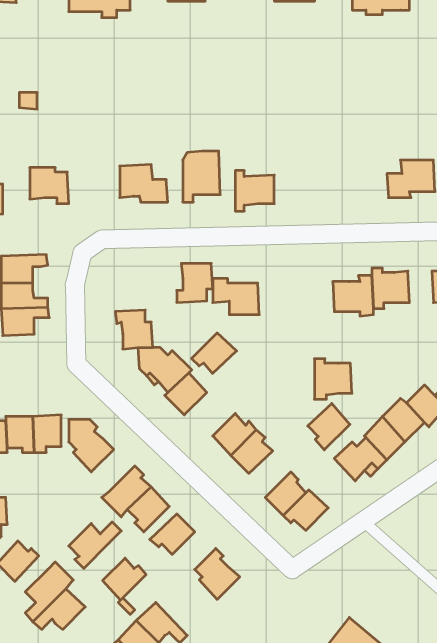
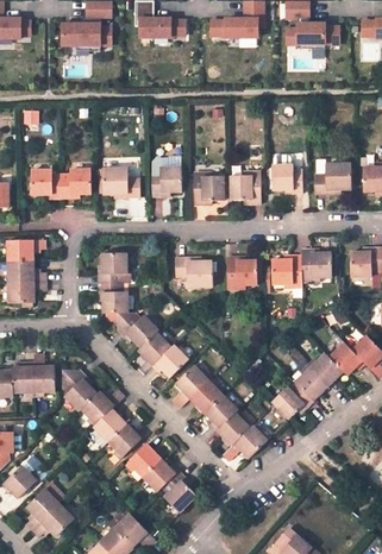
building: none -> [271,165,301,193]
building: none -> [60,169,90,199]
building: none -> [228,171,261,203]
building: [177,263,213,302] -> [98,253,126,284]
building: [192,333,237,373] -> [152,346,188,378]
building: [314,359,352,399] -> [226,257,256,289]
building: [308,403,350,450] -> [203,395,237,432]
building: [69,522,121,568] -> [81,390,123,427]
building: [103,558,146,600] -> [143,459,177,492]

